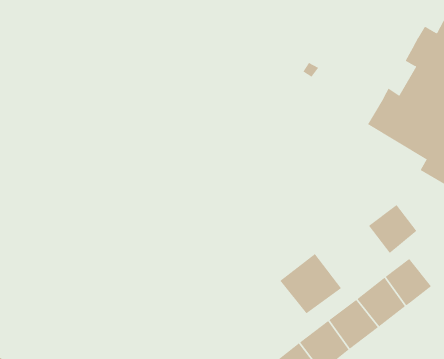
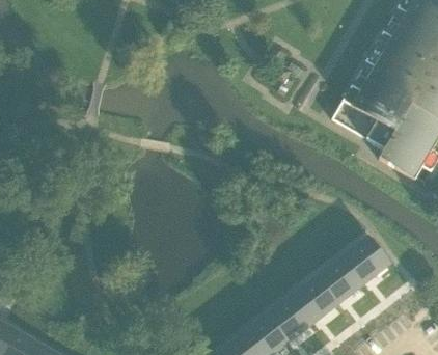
building: [368,204,417,254] -> none
building: [279,253,342,314] -> none

